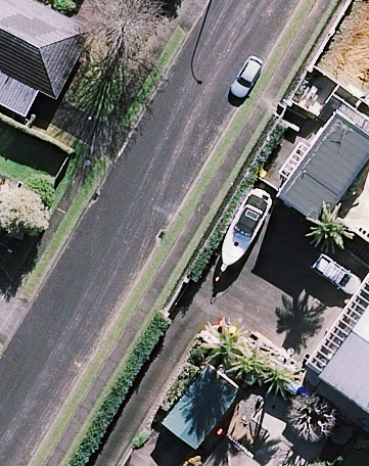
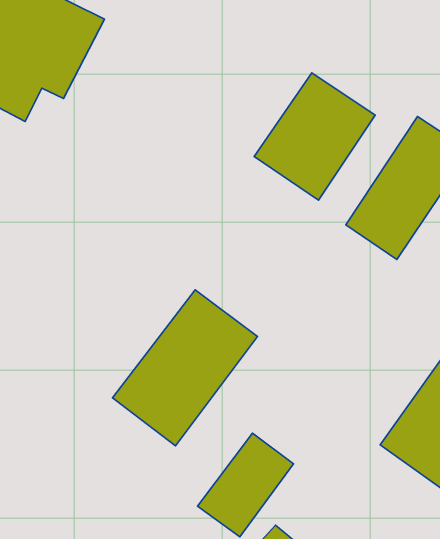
building: none -> [254,73,375,200]
building: none -> [113,290,258,446]

